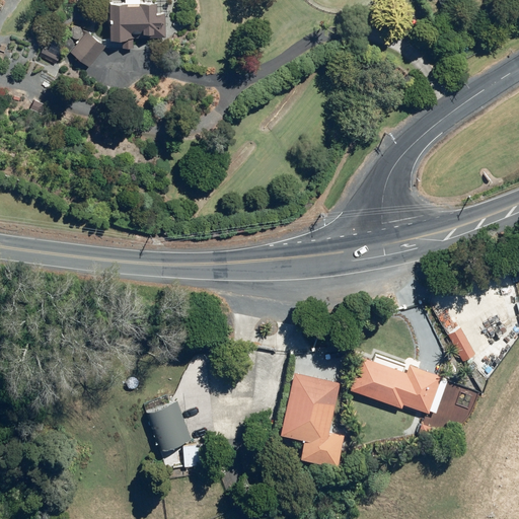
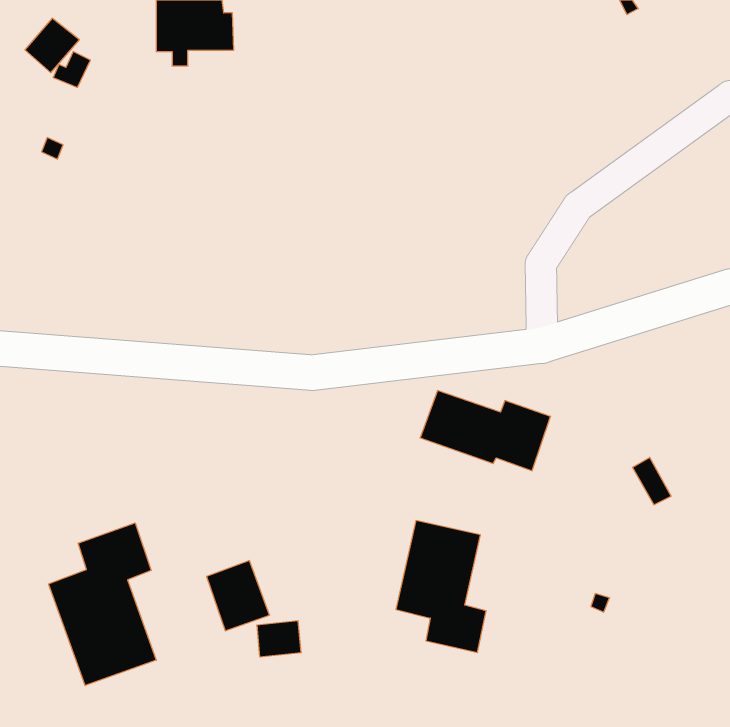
building: [69,30,107,69] -> [25,18,79,73]
building: [350,356,442,413] -> [420,391,551,471]
building: none -> [49,523,156,686]

